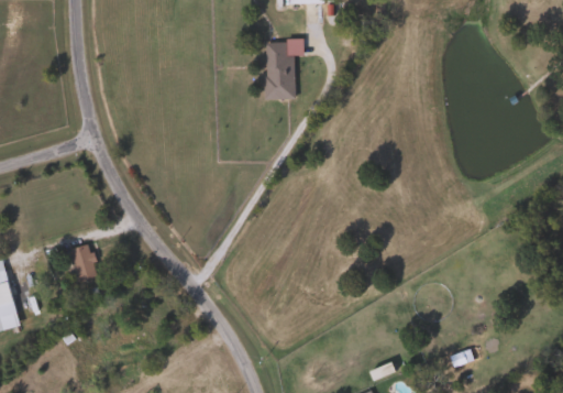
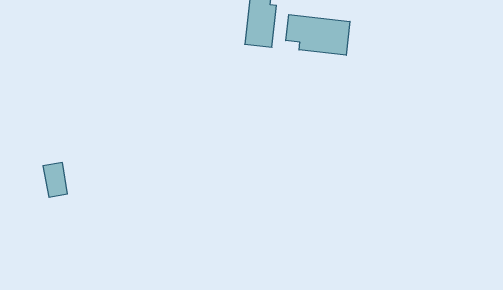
building: none -> [286,15,350,55]

